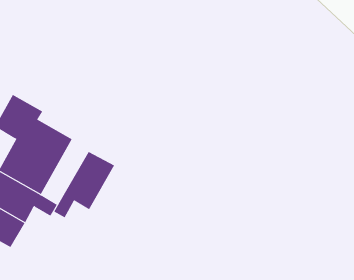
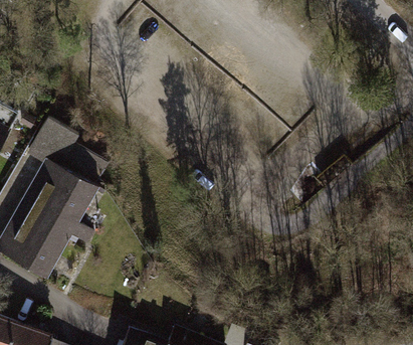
building: [54,151,115,218] -> none

